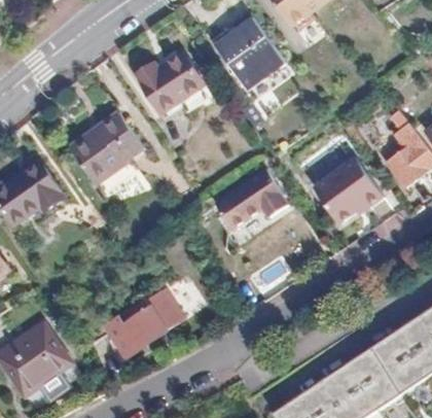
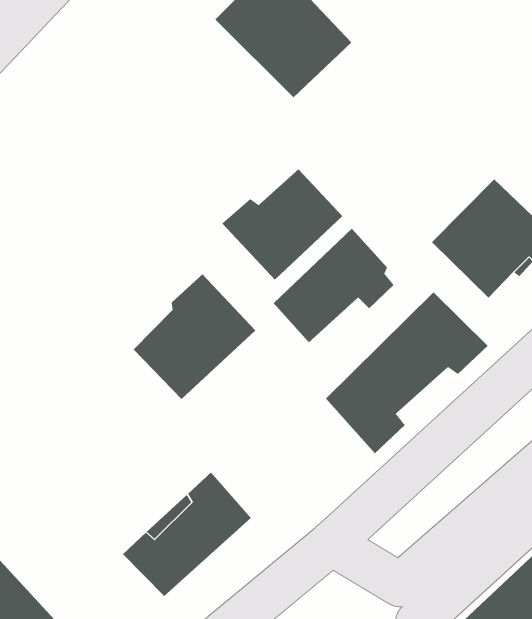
building: [133,48,202,109] -> [221,168,343,281]
building: [72,113,143,182] -> [133,273,256,400]
building: none -> [325,291,489,454]

